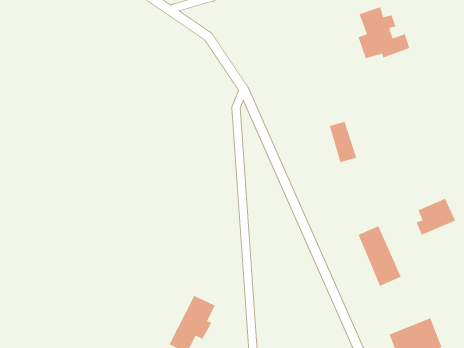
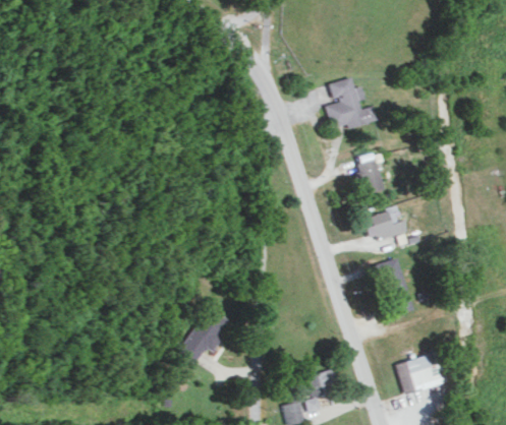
building: [358,6,410,59] -> [326,77,376,128]
building: [415,198,456,236] -> [366,206,405,241]

